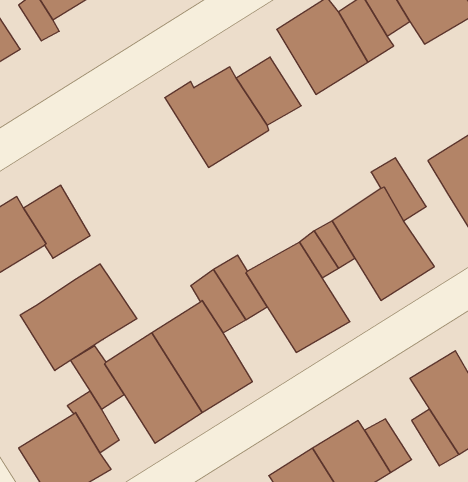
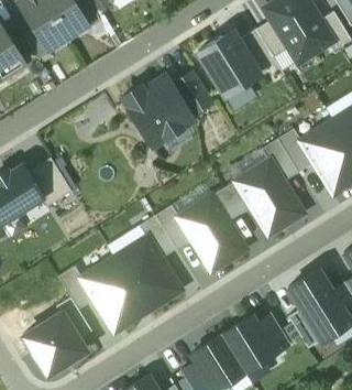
building: none -> [278,129,314,172]
building: [20,264,137,371] -> none

